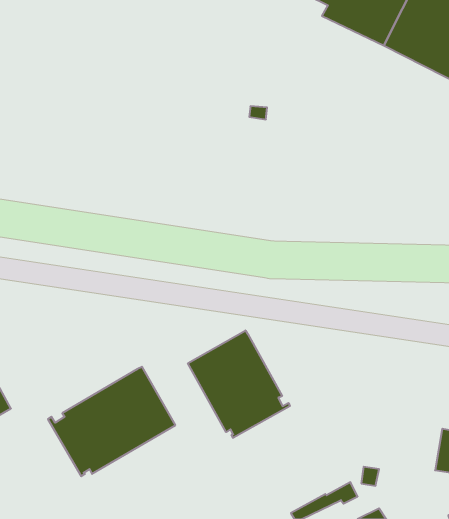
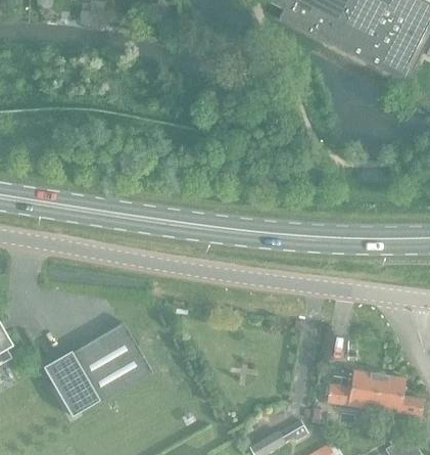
building: [188,330,290,438] -> none
building: none -> [327,370,381,410]

